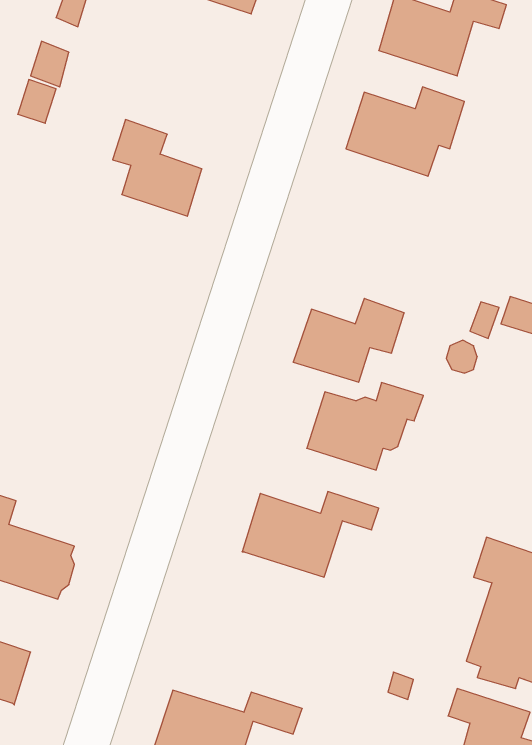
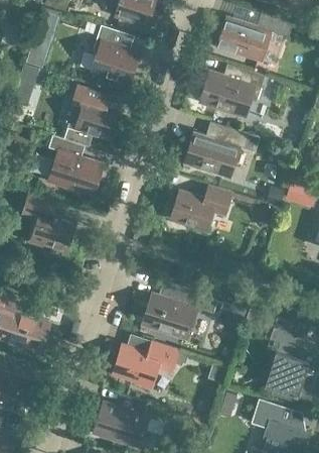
building: none -> [91,25,139,84]
building: none -> [48,135,104,196]
building: none -> [23,195,75,258]
building: [307,383,423,470] -> [184,127,249,176]
building: none -> [113,341,178,389]

